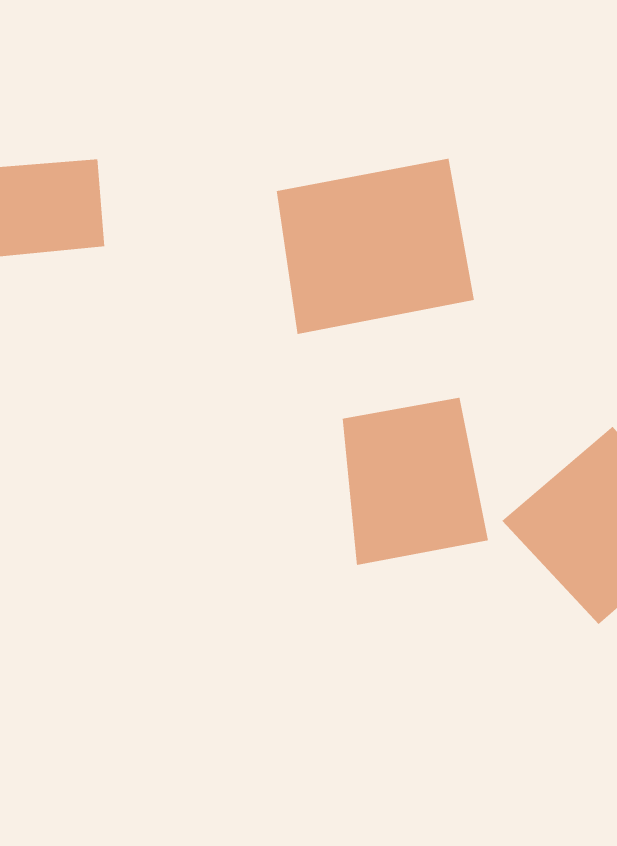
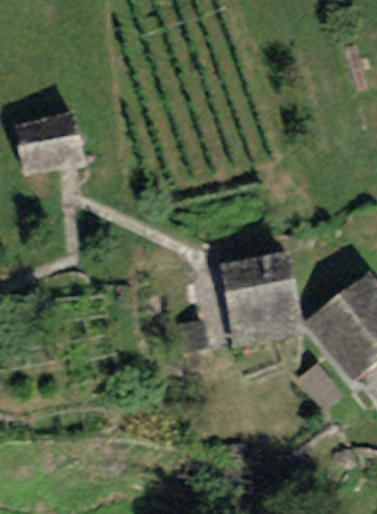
building: [276,158,474,335] -> none

